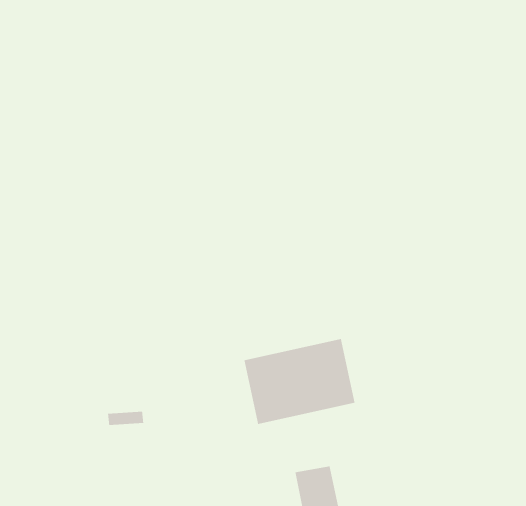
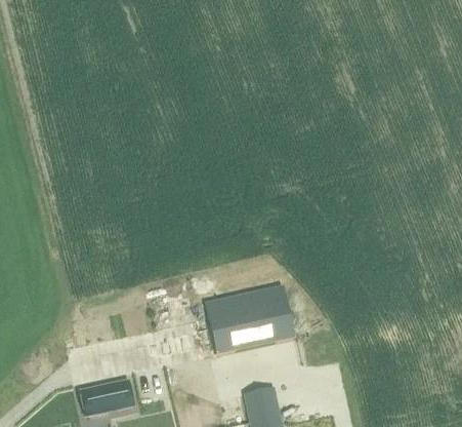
building: none -> [80,379,133,413]

